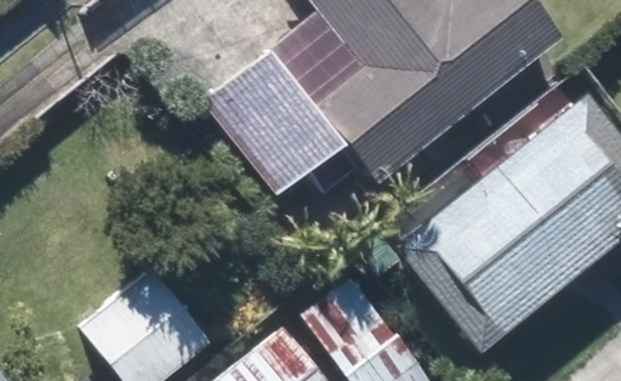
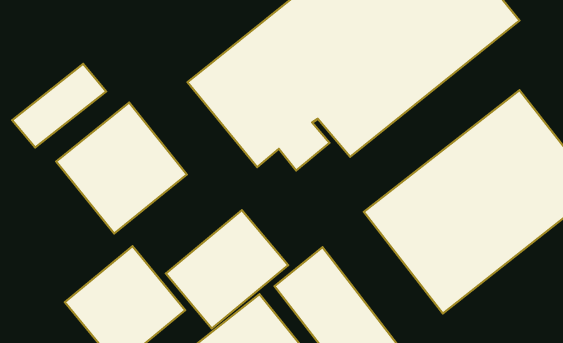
building: none -> [56,102,187,234]
building: none -> [166,210,288,328]

